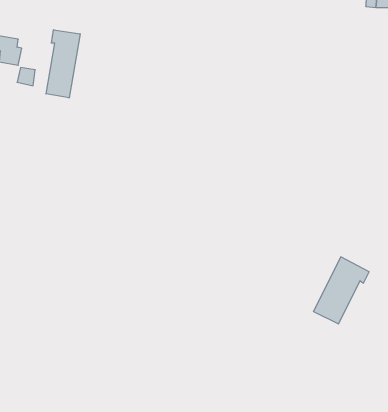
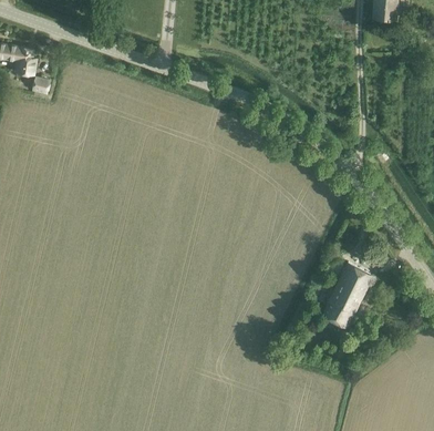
building: [46,30,80,98] -> none

